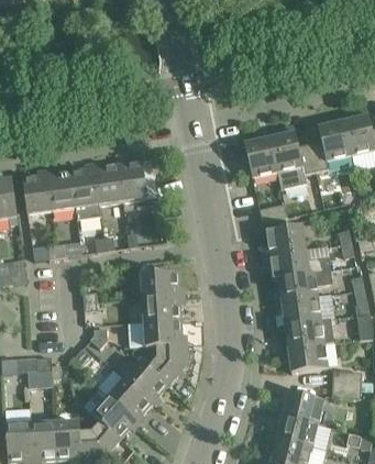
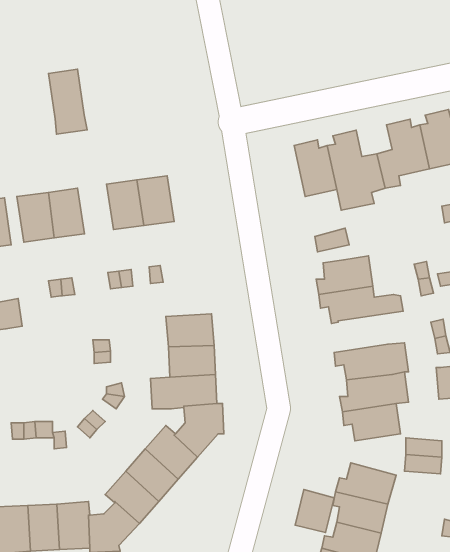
building: [70,167,101,219] -> [48,69,87,134]
building: [273,268,331,301] -> none
building: none -> [295,490,334,533]

